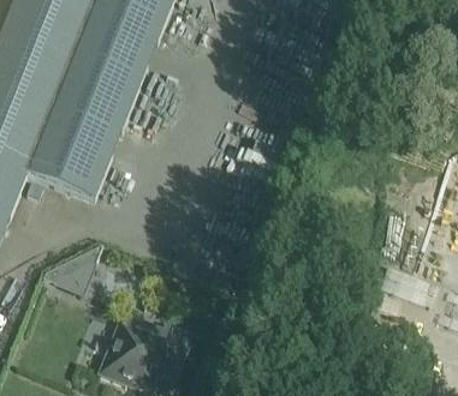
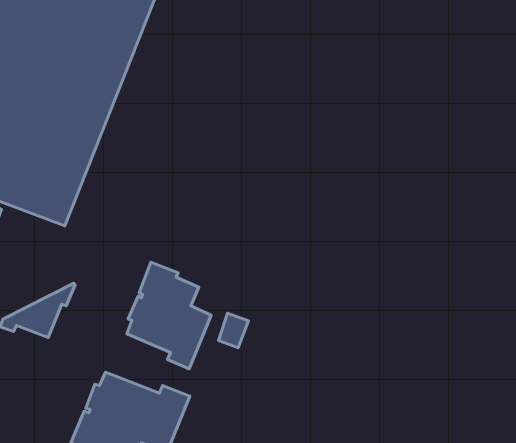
building: none -> [127,262,211,369]

